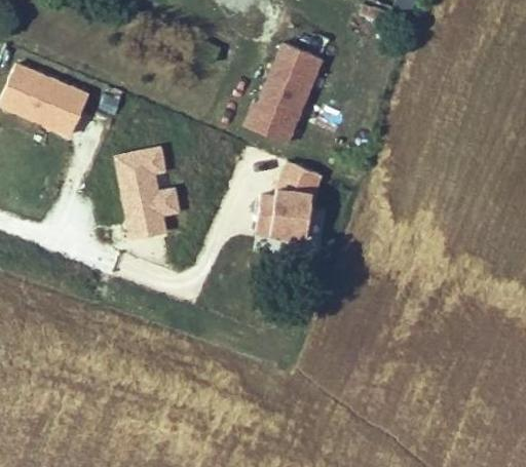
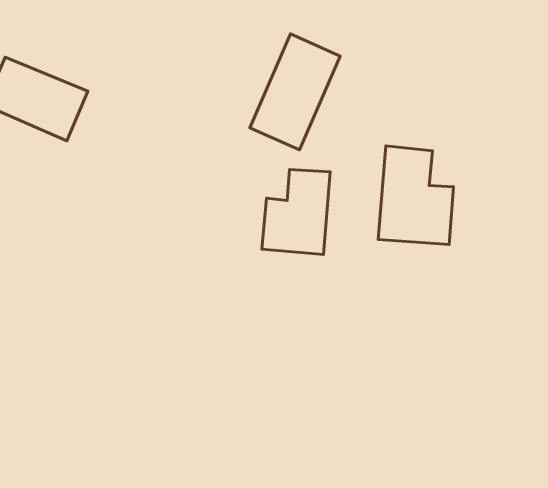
building: none -> [378,146,453,244]
building: [112,146,181,241] -> none

